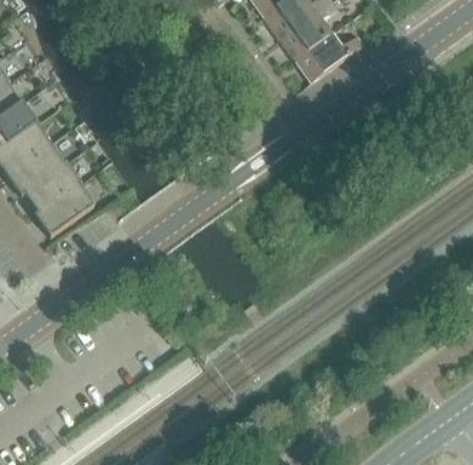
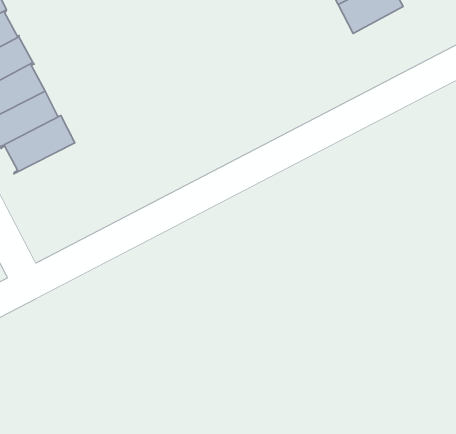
building: [294,28,364,78] -> none
building: [34,178,93,231] -> none

